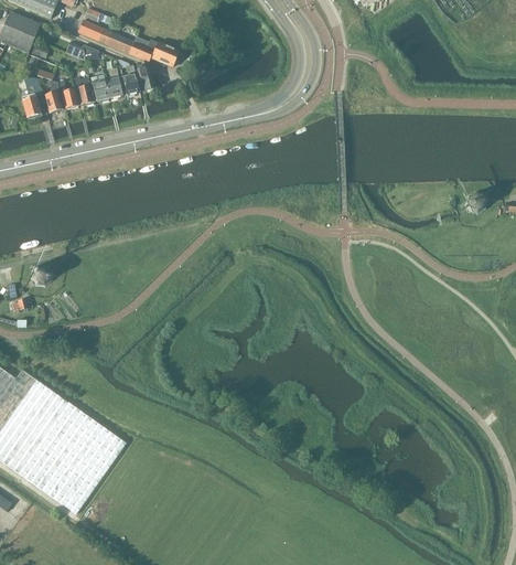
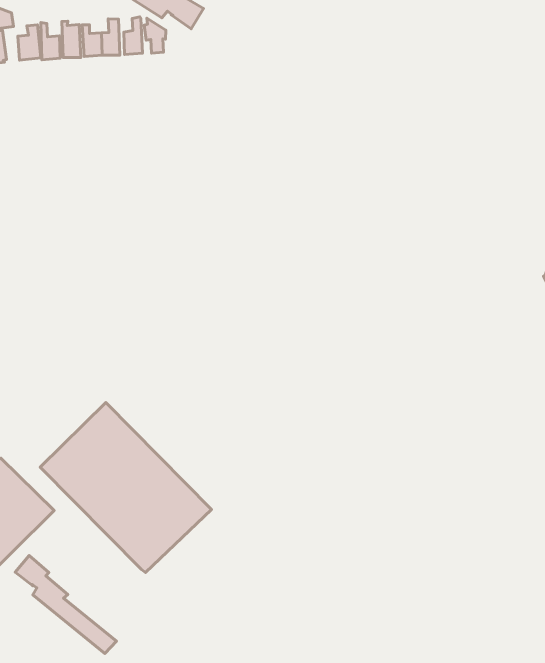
building: none -> [40,402,212,573]
building: none -> [15,556,117,654]

